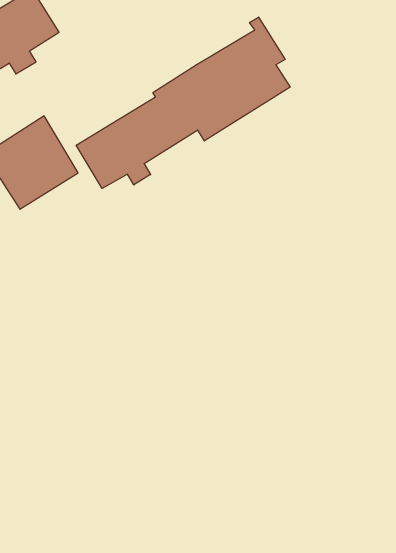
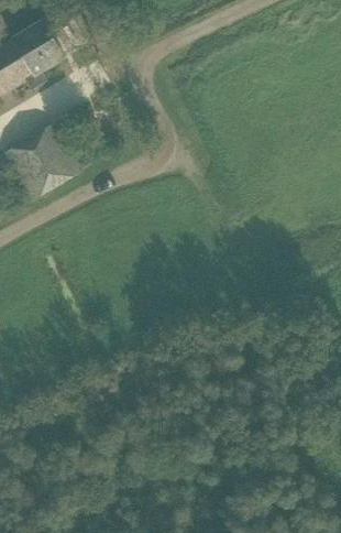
building: [76,17,290,188] -> none

